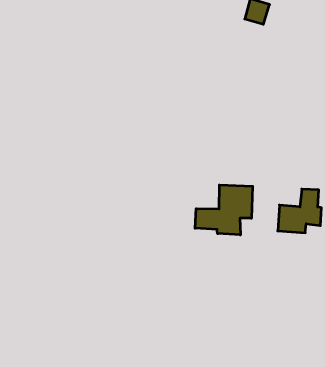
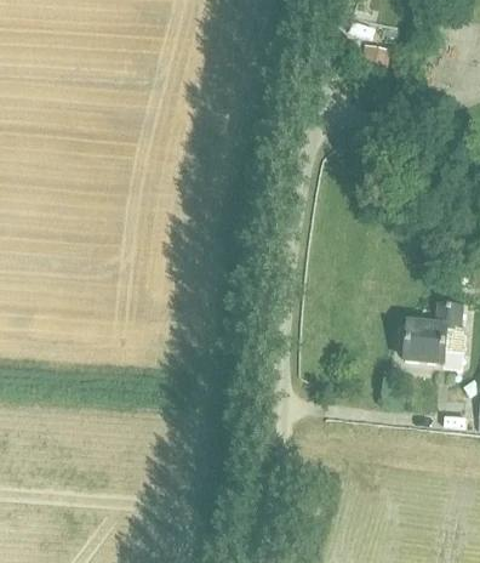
building: [195,185,253,235] -> none

